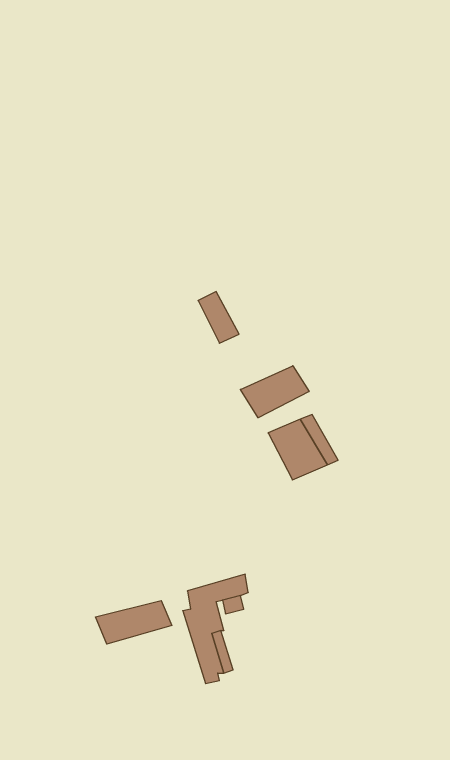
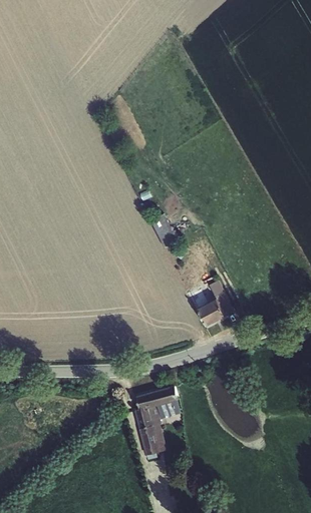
building: [240,366,309,418] -> none
building: [96,601,172,644] -> none

